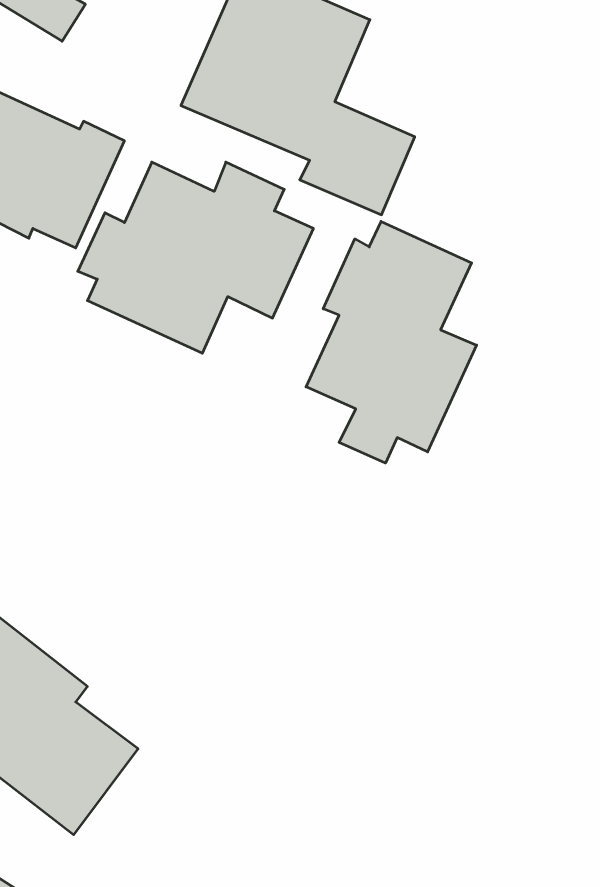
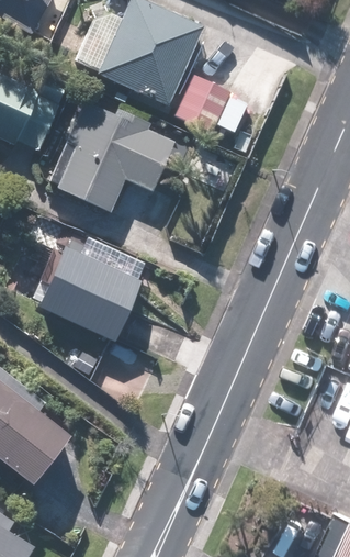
building: [306,221,477,463] -> none
building: none -> [47,248,154,339]

